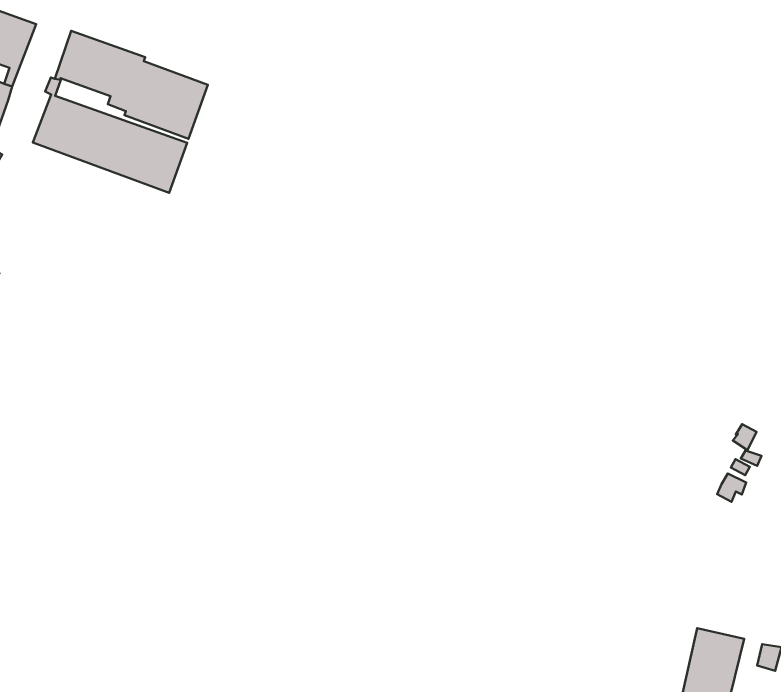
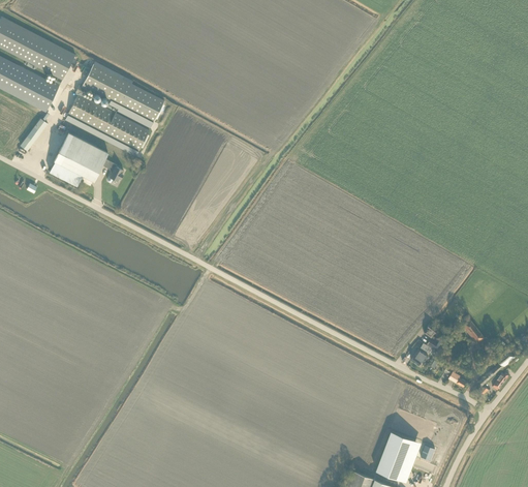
building: none -> [49,131,123,185]

